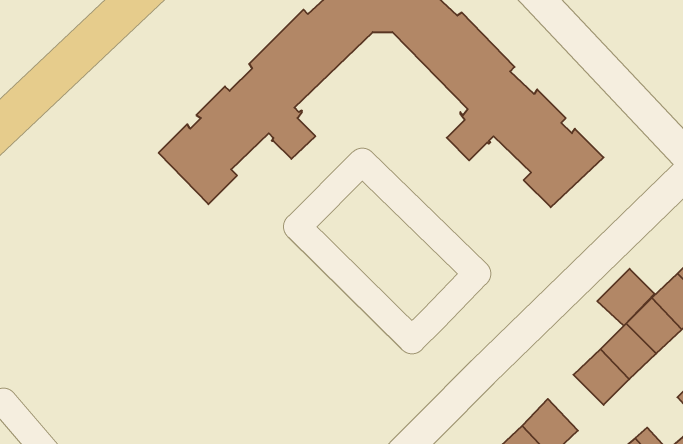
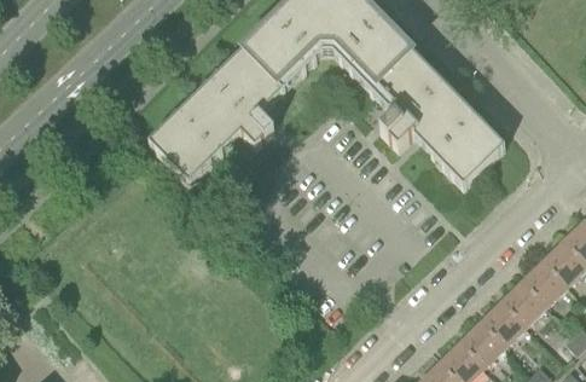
building: [597,269,655,326] -> none
building: none -> [462,320,506,365]

